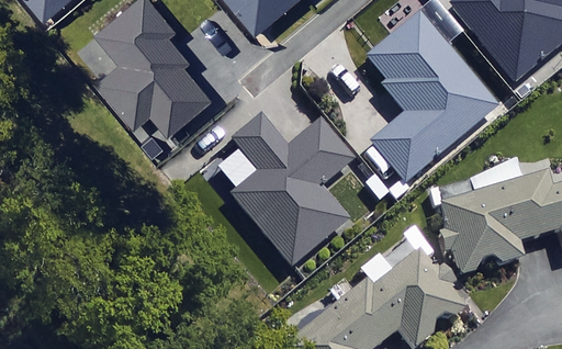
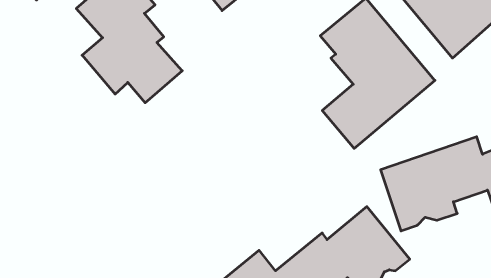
building: [229,115,351,264] -> none

